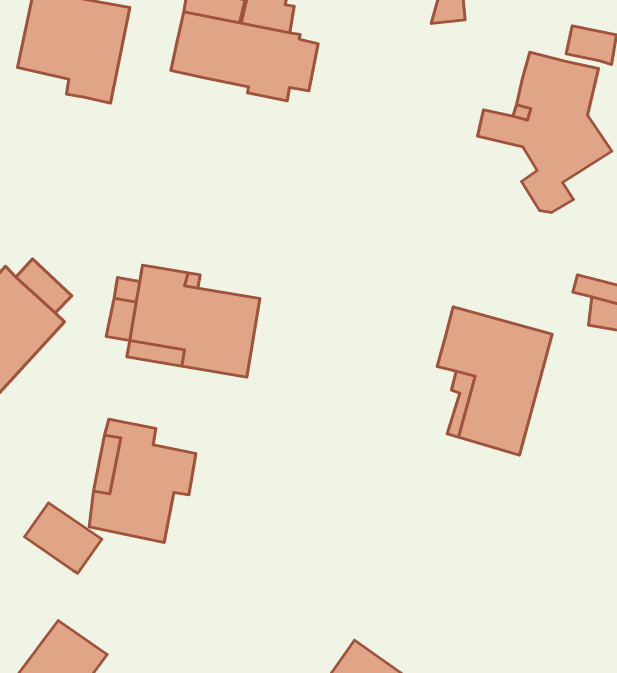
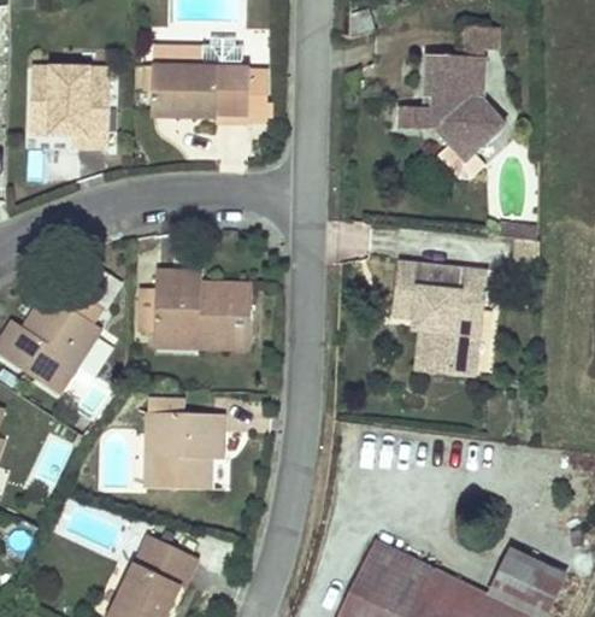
building: [24,503,102,573] -> [135,536,196,588]

